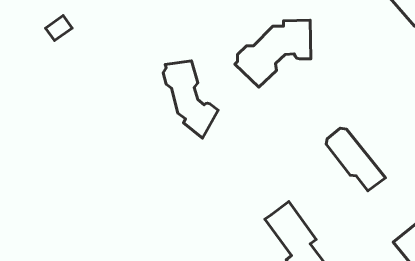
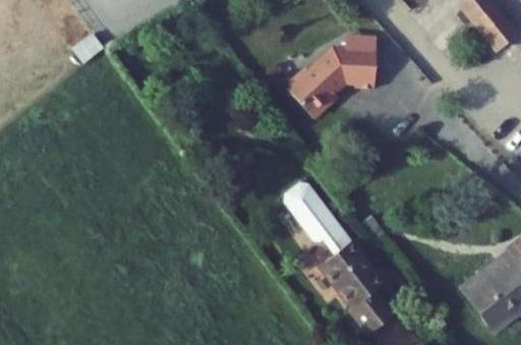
building: [163,61,218,138] -> none
building: [326,128,385,191] -> [283,189,351,262]

